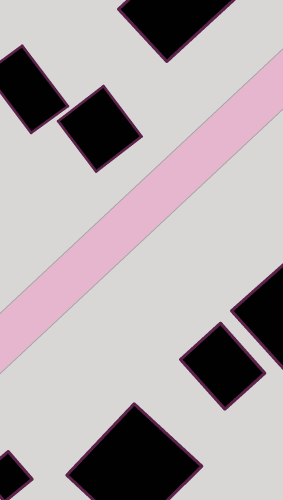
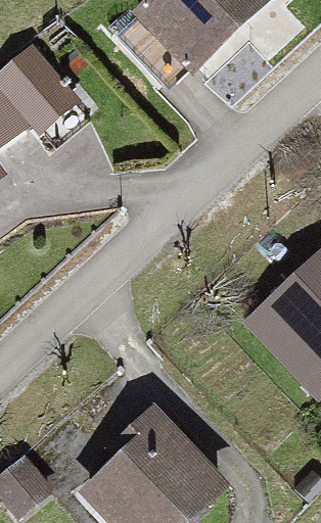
building: [58,86,141,171] -> none
building: [181,323,265,409] -> none

